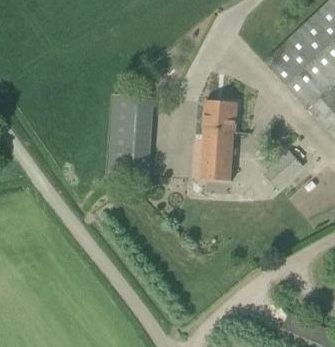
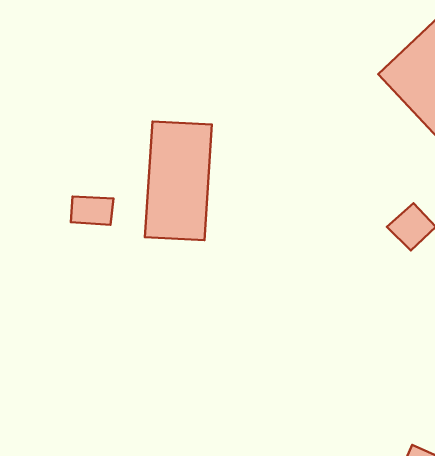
building: [200,99,236,180] -> none
building: none -> [71,196,114,225]

